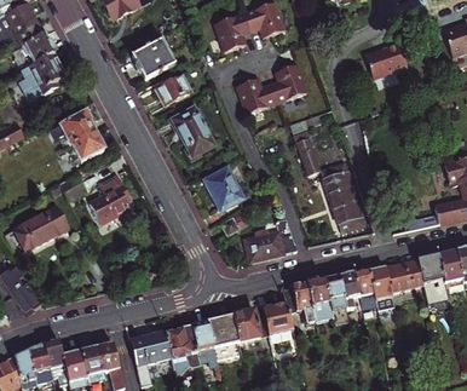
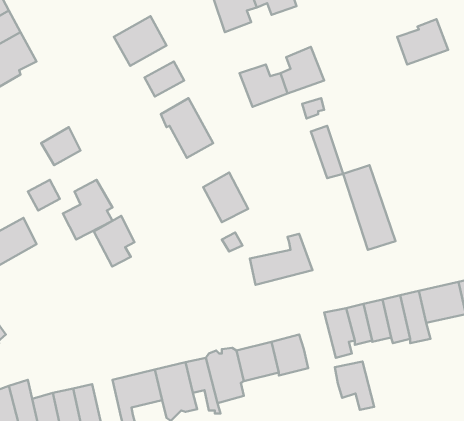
building: [51,111,96,144] -> none
building: none -> [94,216,135,267]
building: [283,284,316,324] -> [335,361,374,410]

